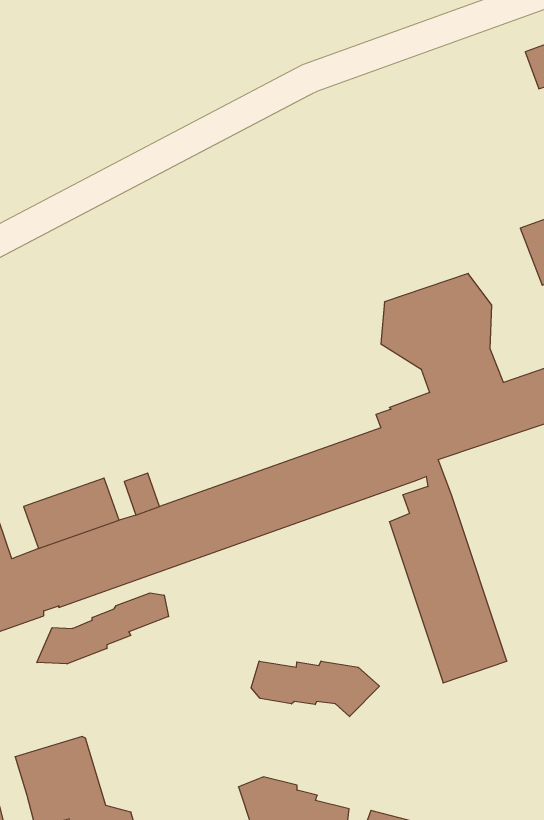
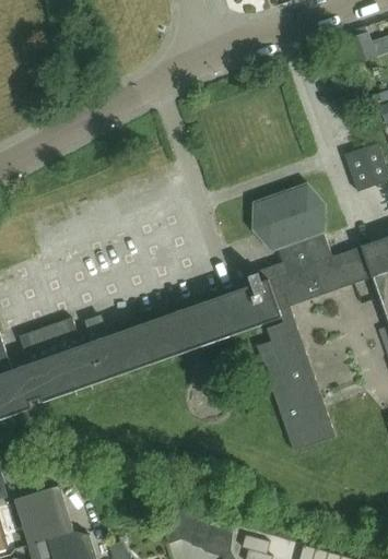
building: [37,593,169,664] -> none
building: [251,661,379,717] -> none

